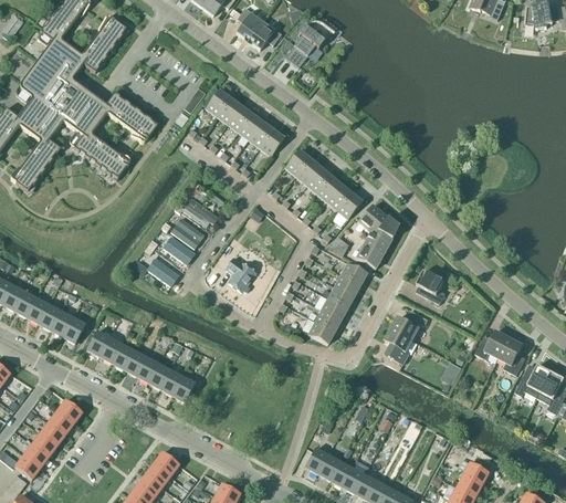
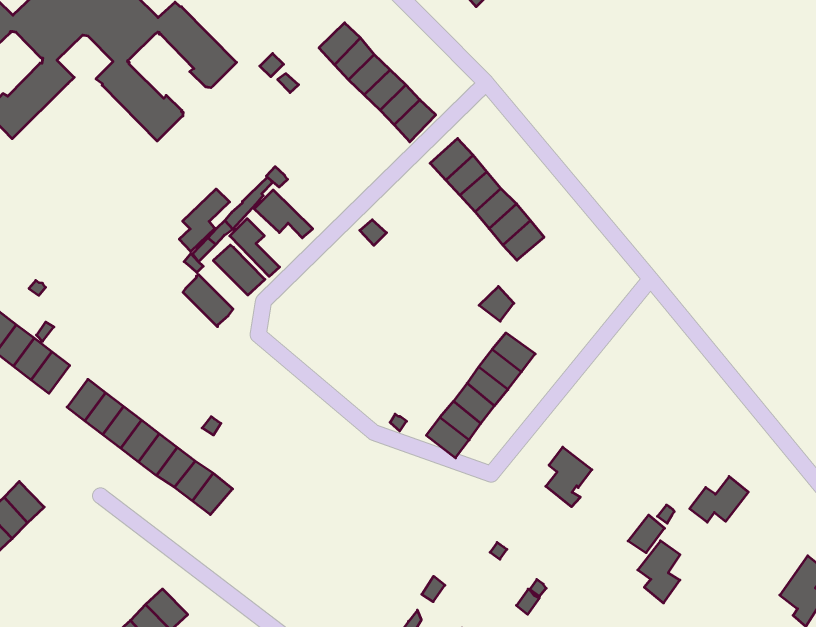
building: none -> [179,189,230,251]
building: [356,205,396,269] -> none
building: [224,256,258,292] -> none
building: [417,270,446,303] -> none
building: [392,308,429,338] -> none
building: [499,337,525,375] -> [638,541,680,603]
building: [515,364,552,397] -> none

